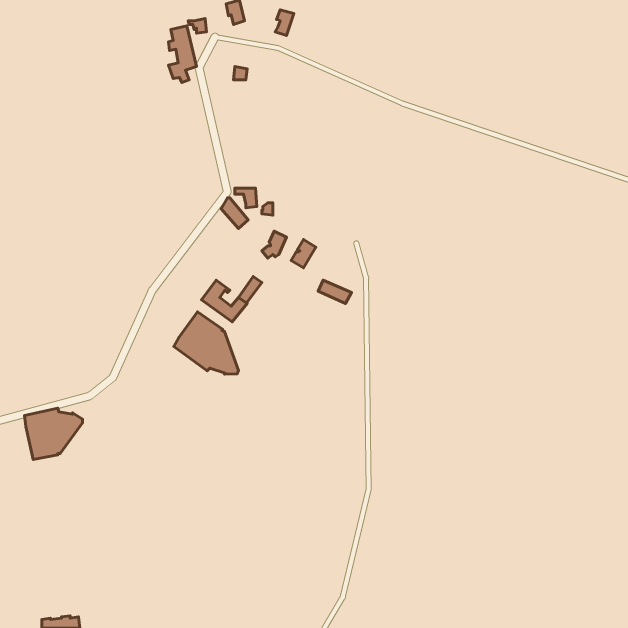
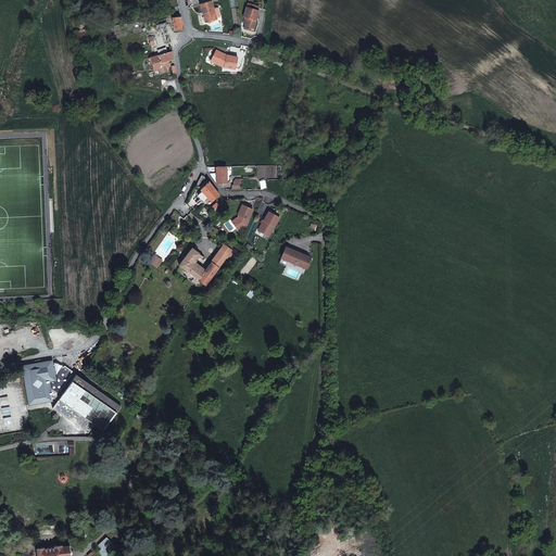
building: [174,312,238,374] -> none
building: none -> [53,374,121,432]

